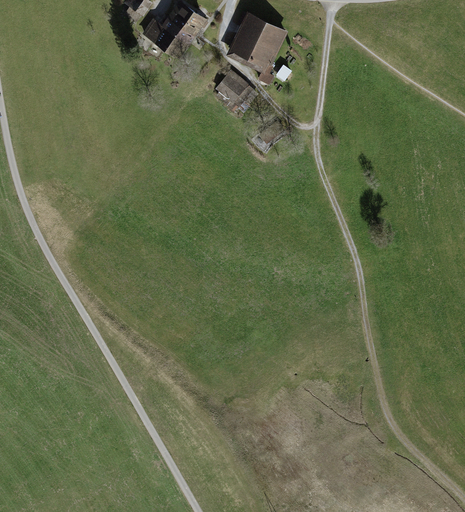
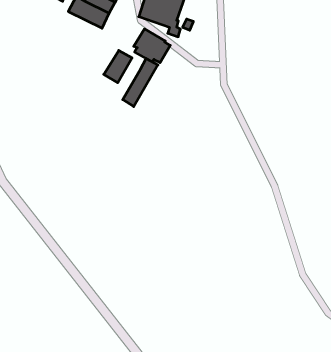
building: none -> [104,50,132,83]
building: none -> [123,58,158,107]

